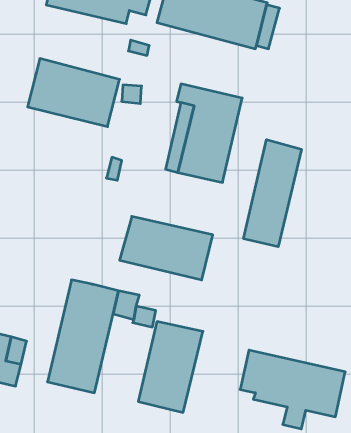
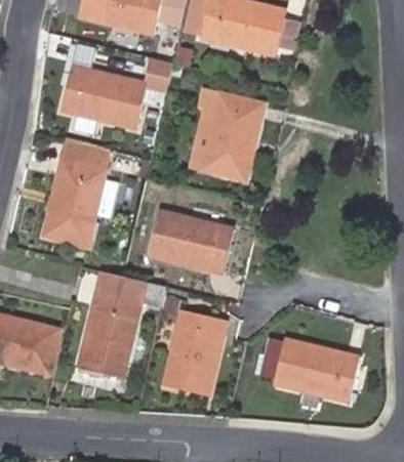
building: none -> [44,139,118,248]
building: [244,140,301,247] -> none

